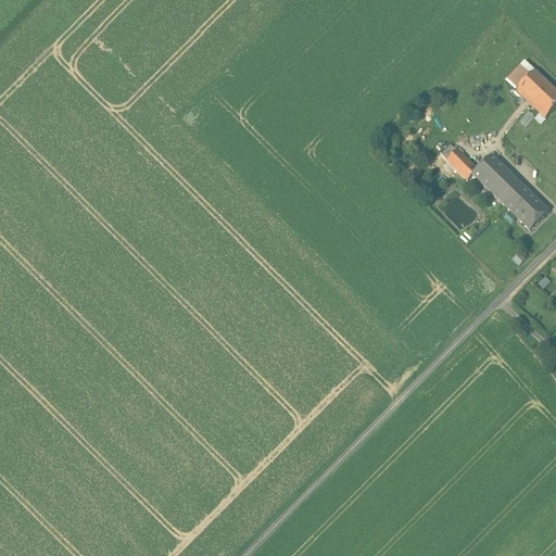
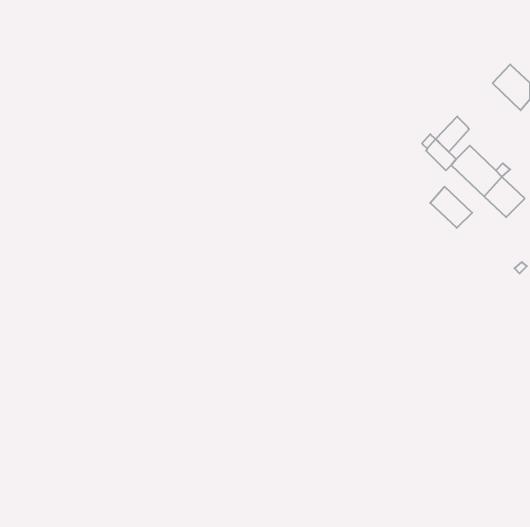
building: none -> [436,116,469,152]
building: none -> [430,187,472,228]

